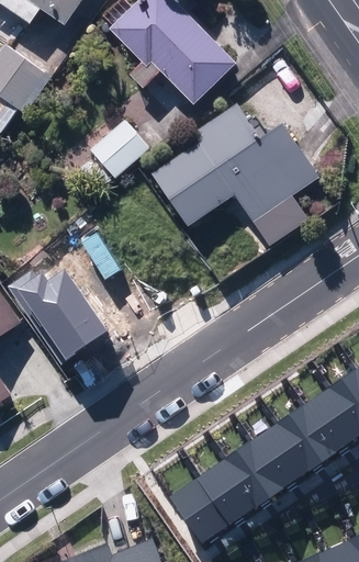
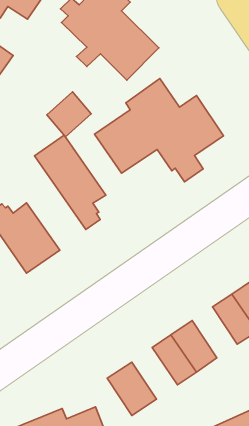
building: none -> [34,135,106,230]
building: [279,403,337,469] -> none
building: [201,456,260,522] -> none

